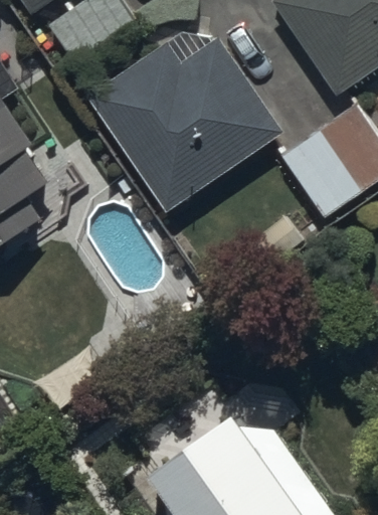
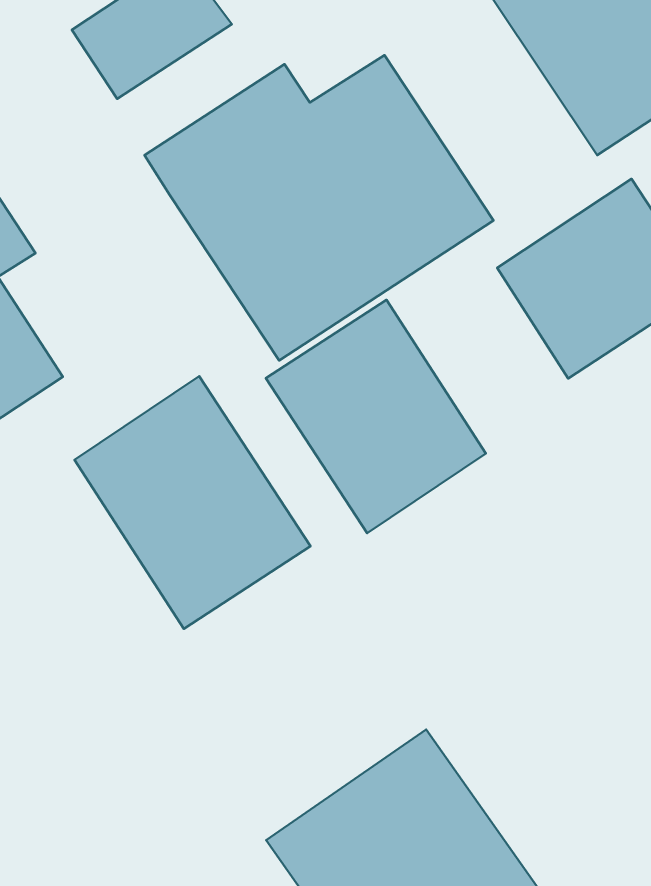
building: none -> [266,300,486,533]
building: none -> [74,376,311,629]

